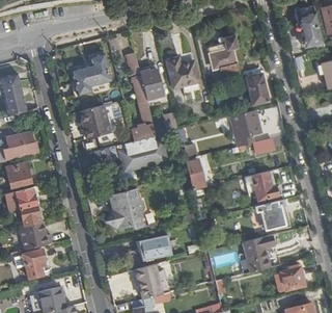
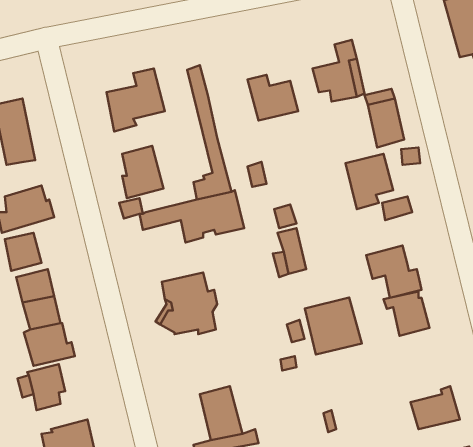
building: [139,64,162,100] -> none
building: [139,234,172,261] -> none
building: [242,234,279,271] -> [305,298,362,355]

